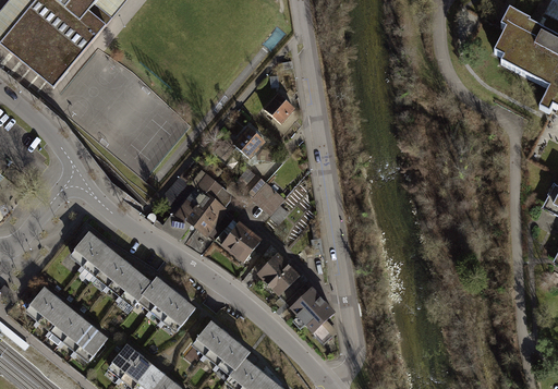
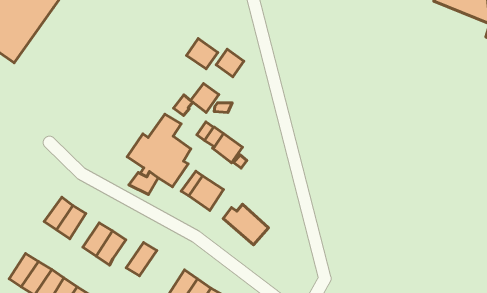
building: none -> [186,38,218,69]
building: [94,251,126,285] -> none
building: [137,276,171,312] -> none
building: [287,283,337,342] -> none
building: [163,296,196,332] -> none

